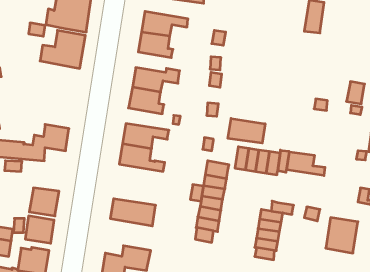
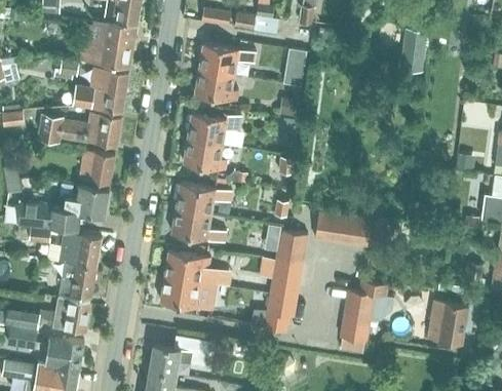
building: none -> [38,113,121,149]
building: none -> [80,151,115,186]
building: [228,118,265,143] -> none
building: [287,152,325,176] -> none
building: none -> [61,235,102,268]
building: none -> [164,251,219,285]

